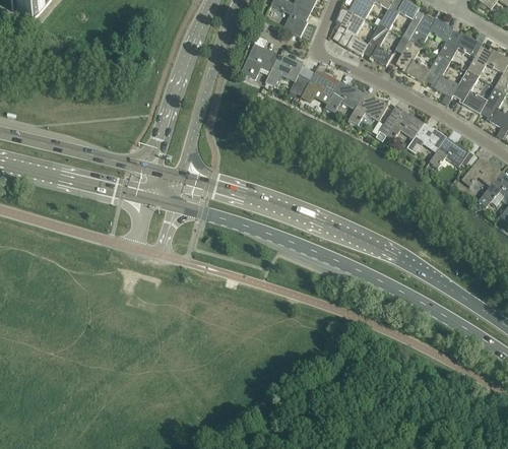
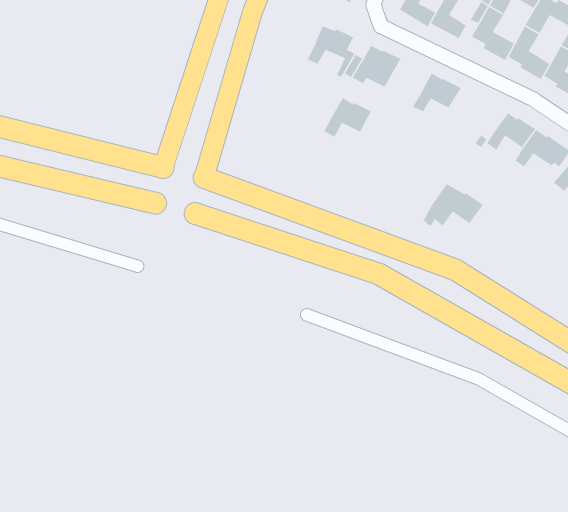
building: [240,42,276,78] -> none
building: [324,80,363,113] -> [323,97,372,138]
building: [375,106,424,140] -> [422,183,484,227]

